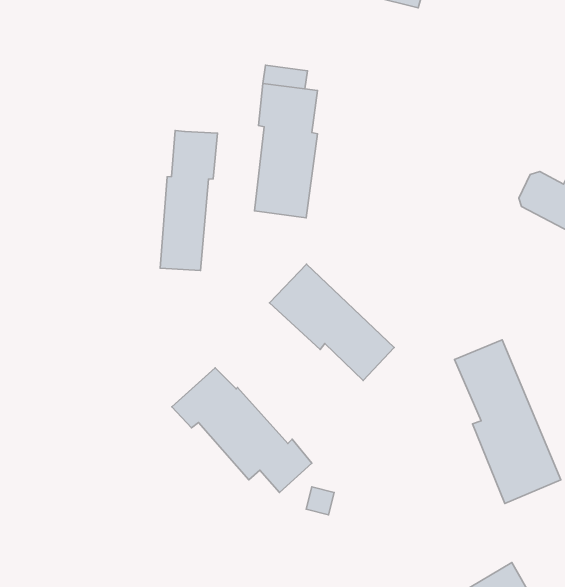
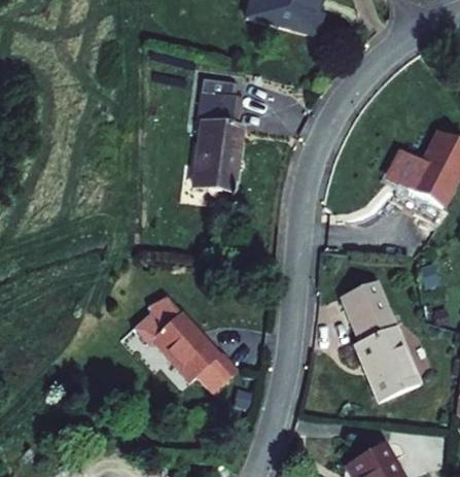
building: [160,131,218,270] -> none
building: [270,264,394,381] -> none

